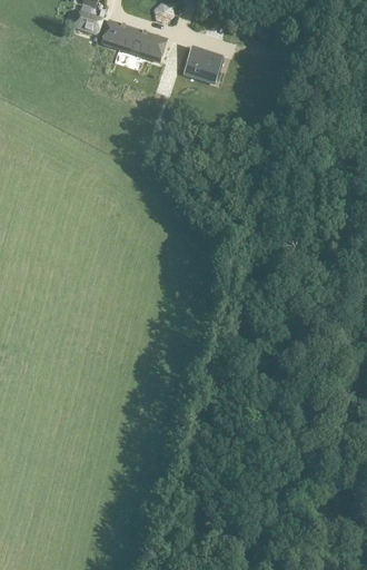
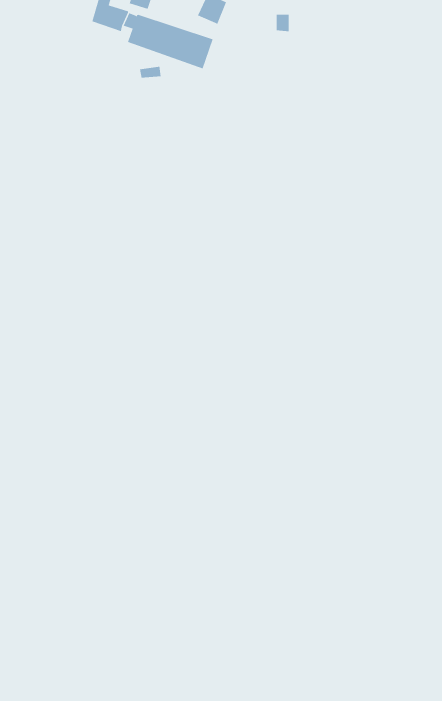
building: [186,46,224,80] -> none

